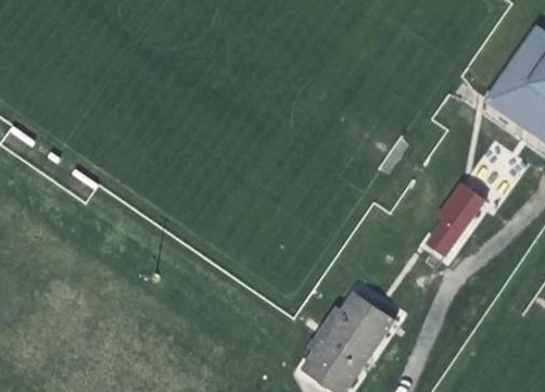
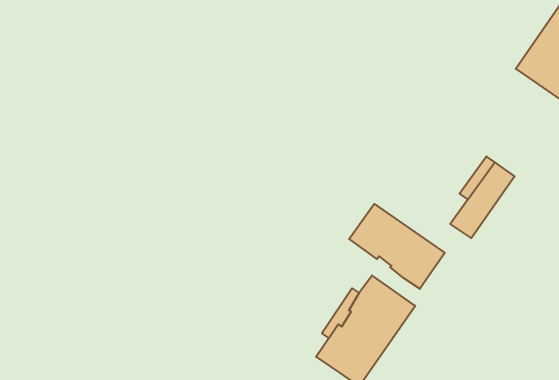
building: none -> [349,204,445,289]

